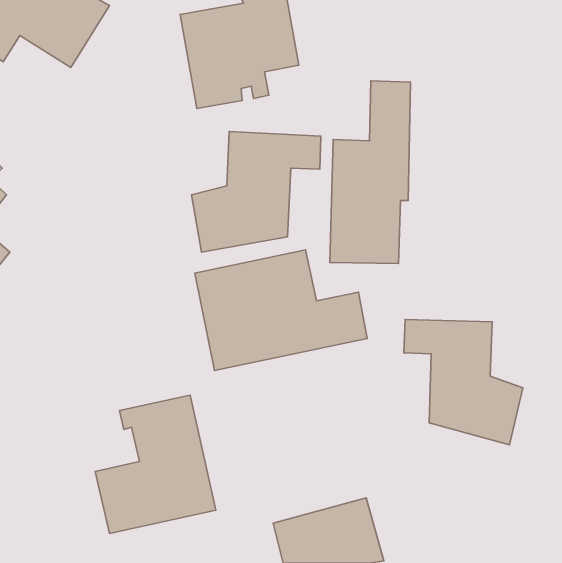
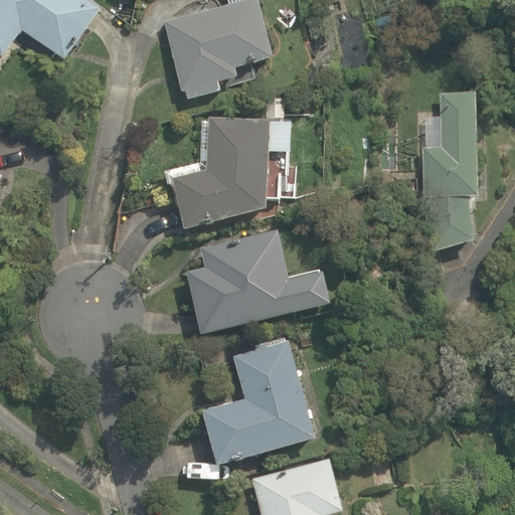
building: [330,81,411,263] -> [404,89,478,254]
building: [404,319,523,445] -> none
building: [95,395,216,533] -> [202,336,312,462]

